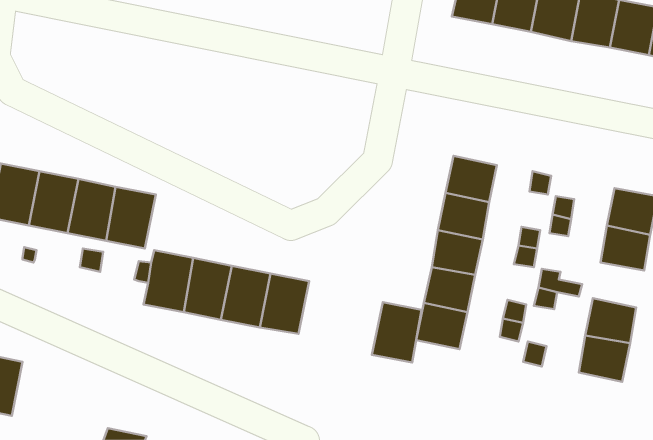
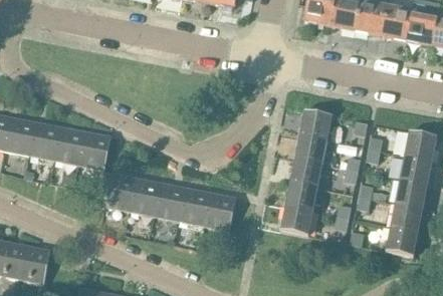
building: none -> [394,180,427,209]
building: [372,302,422,363] -> [203,192,235,231]
building: none -> [17,244,50,284]

